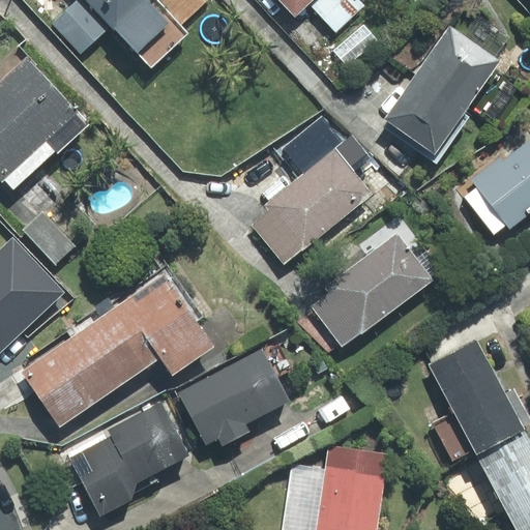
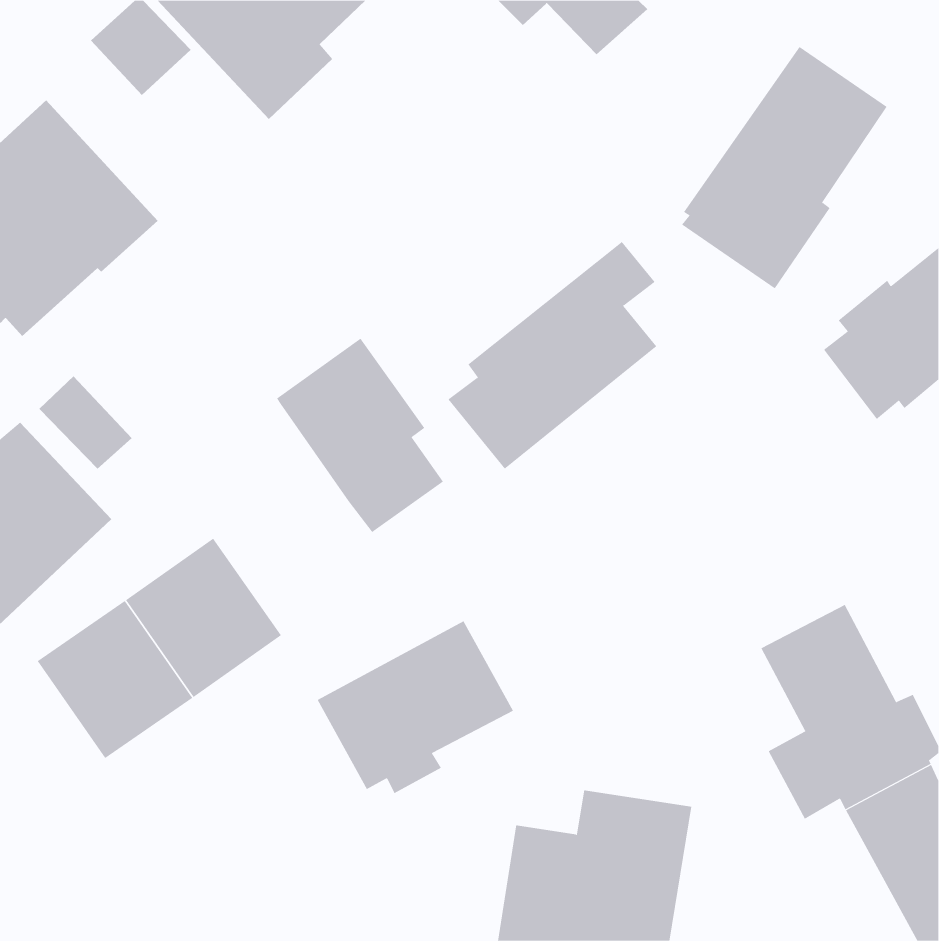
building: [310,214,439,347] -> none
building: [118,265,212,375] -> [276,338,444,533]
building: [67,402,188,517] -> none

